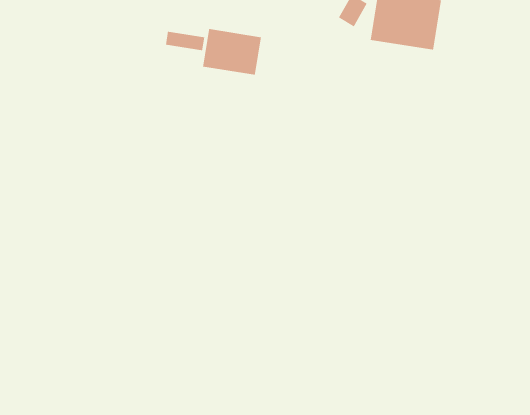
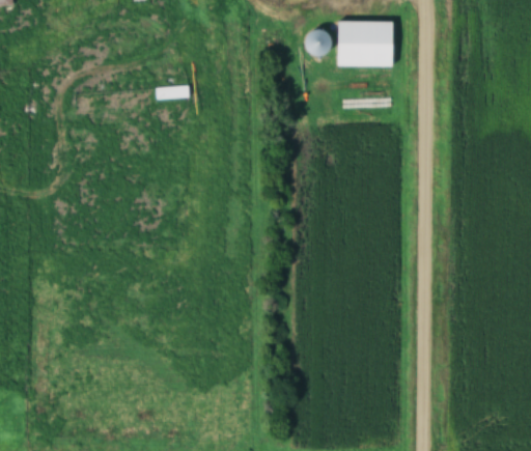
building: [203,28,261,76] -> none

